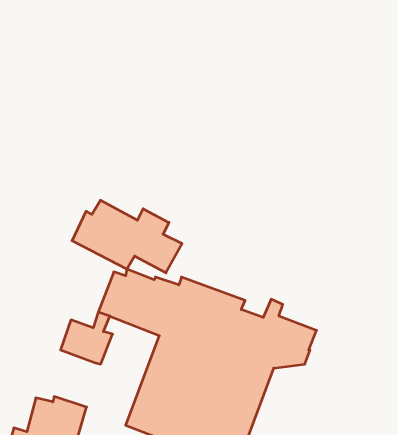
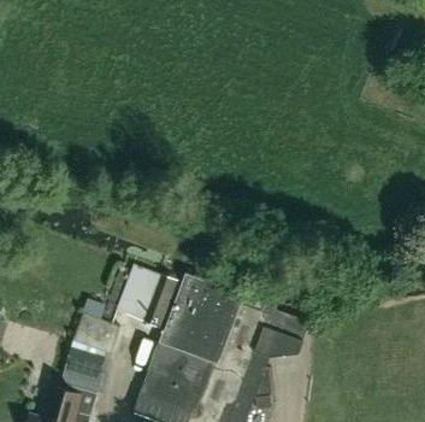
building: [72,200,182,273] -> none
building: none -> [65,340,105,373]

